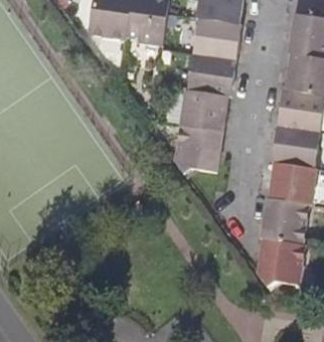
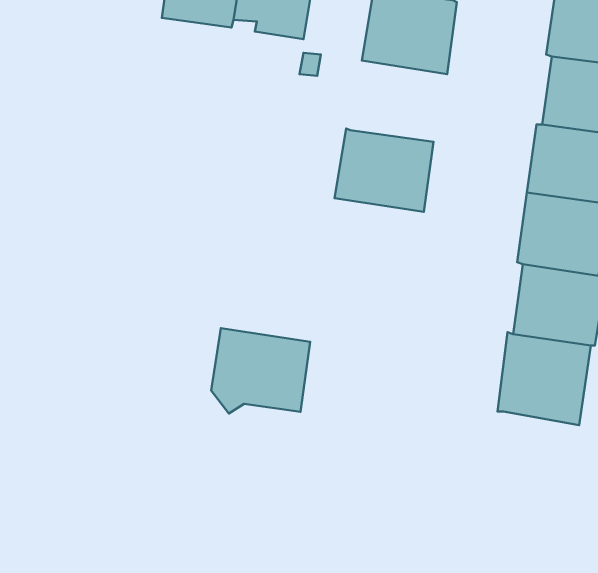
building: [186,58,236,102] -> none
building: [173,130,224,174] -> [211,328,310,414]
building: [260,240,307,289] -> none

